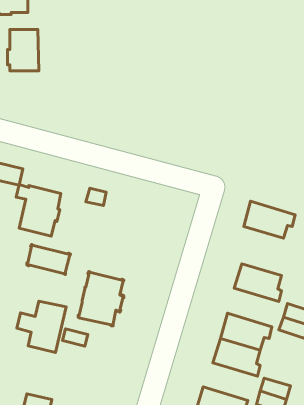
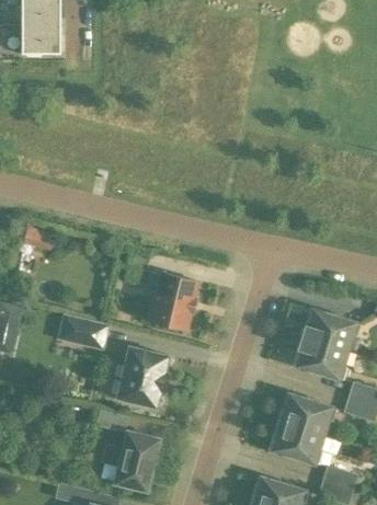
building: [8,29,39,71] -> none
building: [16,185,61,236] -> [146,272,196,330]
building: [244,201,295,238] -> [301,309,359,351]
building: [17,301,66,352] -> [102,433,158,491]

